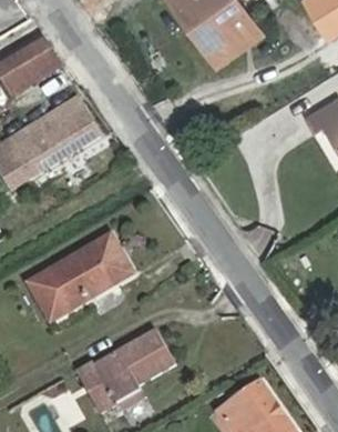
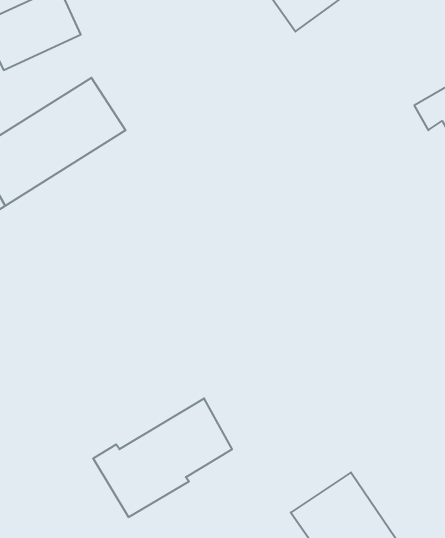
building: [27,235,129,321] -> none

